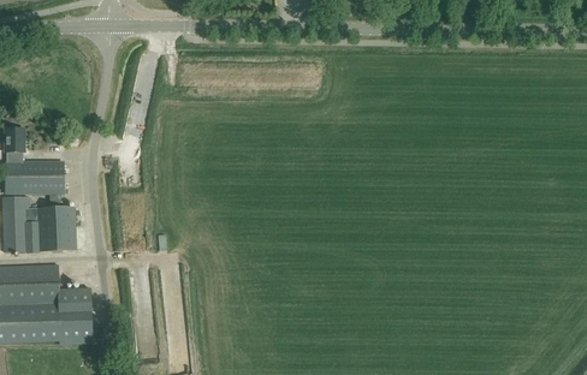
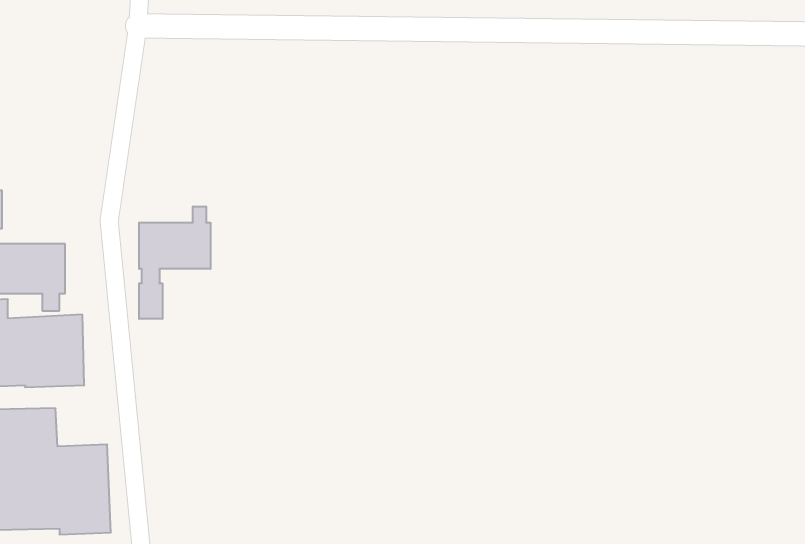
building: none -> [139,206,211,319]

